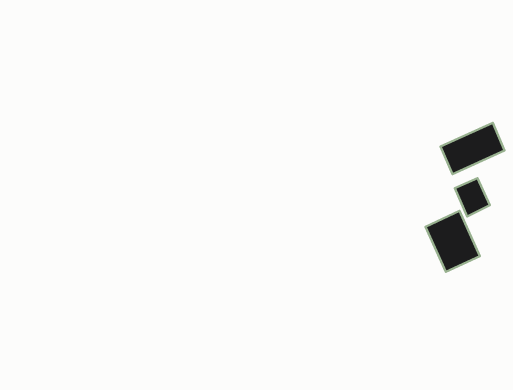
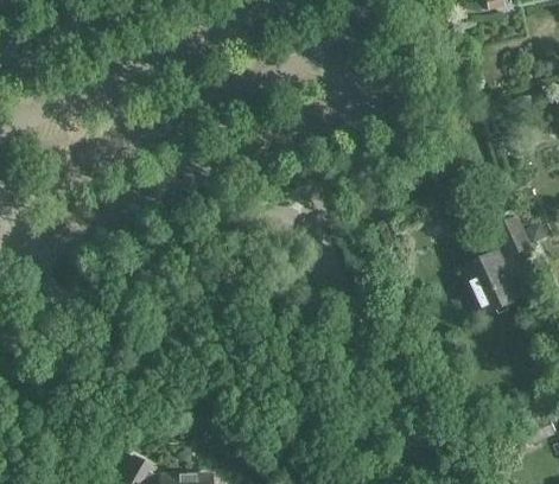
building: [441,123,505,174] -> none

